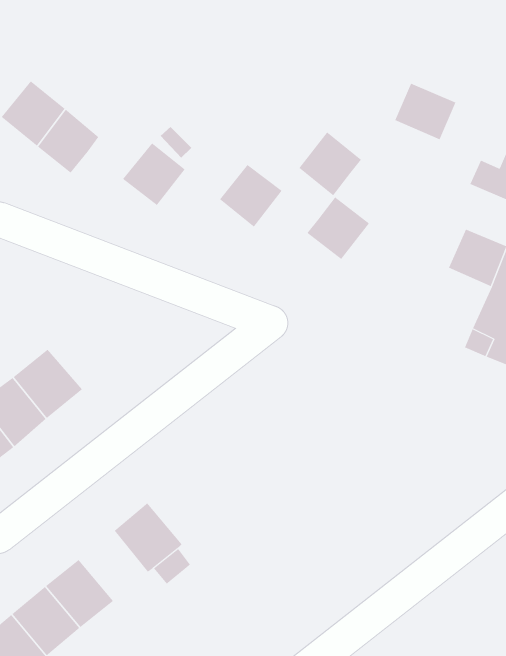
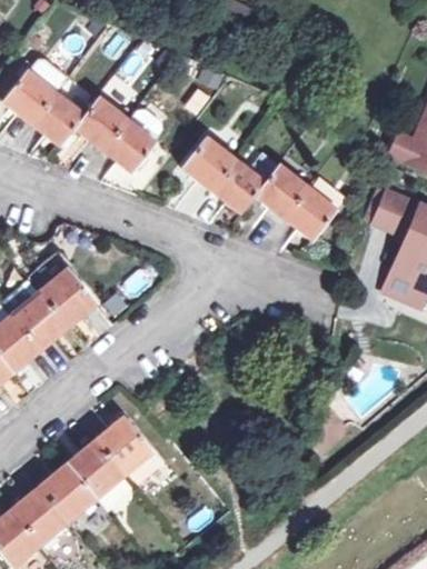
building: [395,83,456,140] -> none
building: none -> [75,97,127,150]
building: [298,131,362,196] -> [211,160,264,213]
building: none -> [284,187,336,240]
building: none -> [41,268,96,323]
building: none -> [67,440,123,498]

